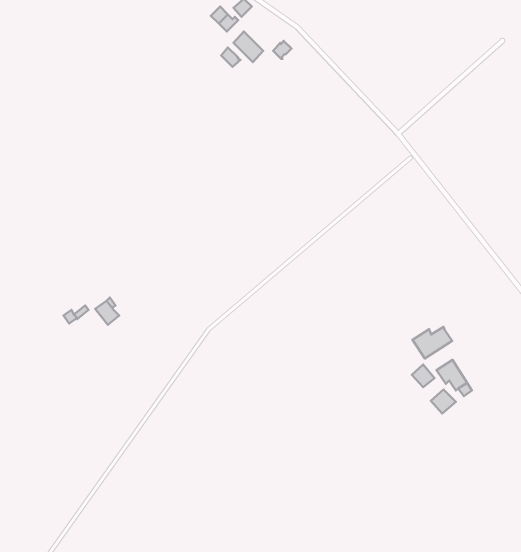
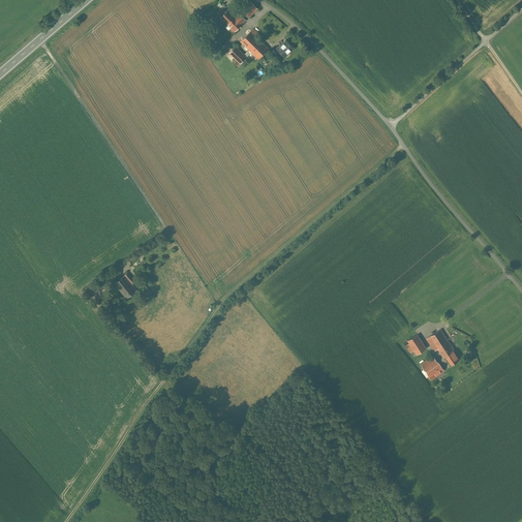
building: [413,327,452,359] -> none

